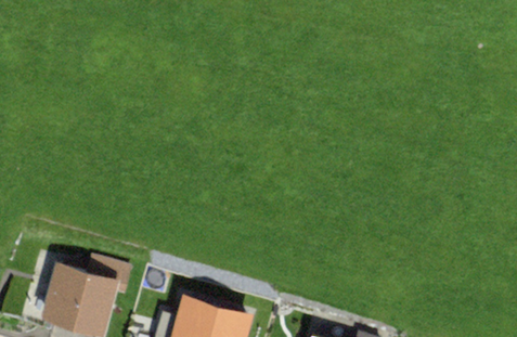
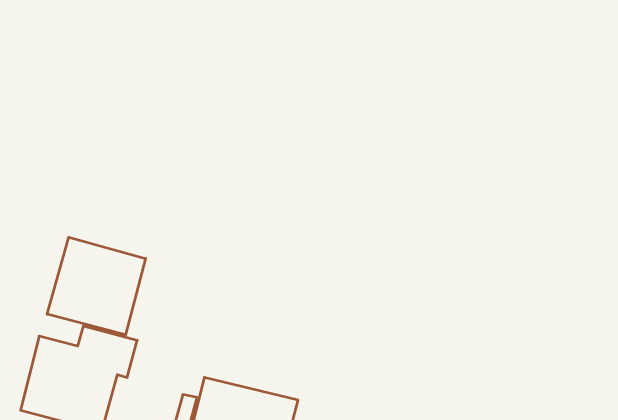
building: none -> [47,237,146,335]

